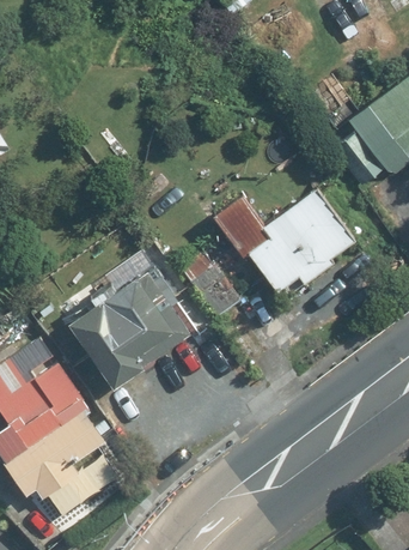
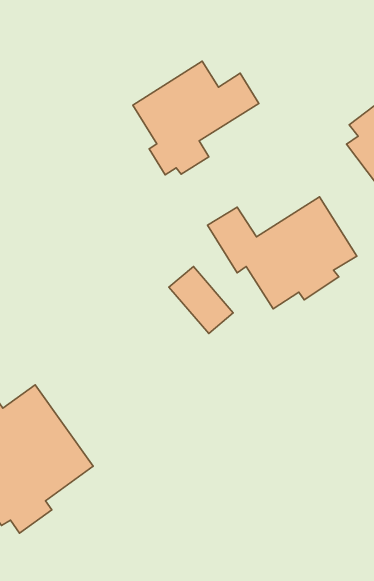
building: none -> [133,61,259,175]
building: [71,271,187,386] -> none

